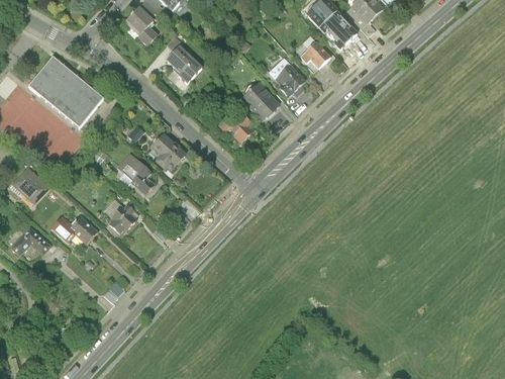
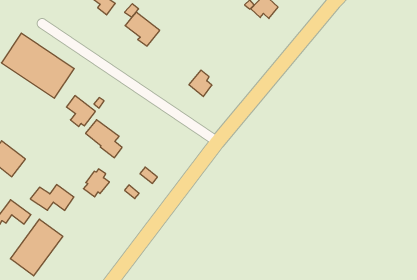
building: [276,63,306,98] -> none
building: [241,80,280,120] -> none
building: [148,136,179,170] -> [66,96,95,127]
building: none -> [10,219,63,276]

